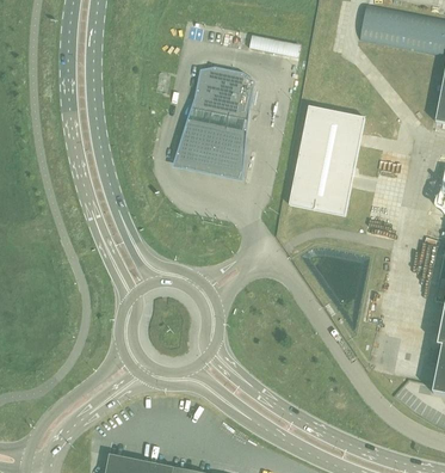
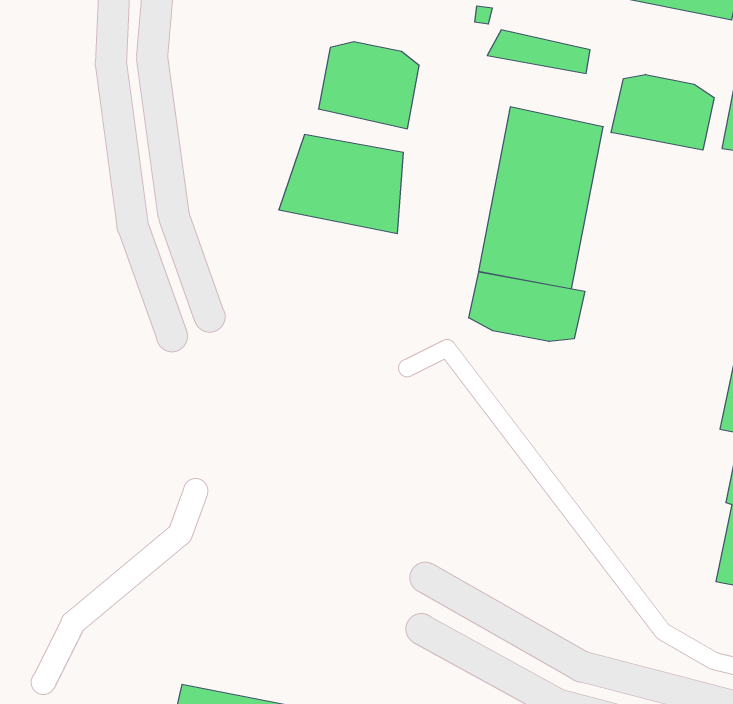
building: none -> [611,74,714,150]
building: [185,106,247,133] -> [487,30,590,73]
building: none -> [469,272,585,342]

